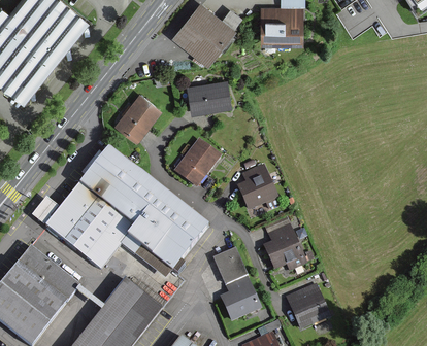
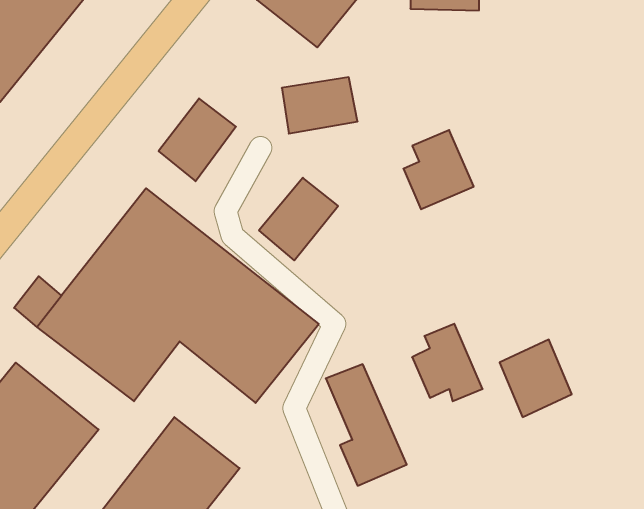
building: [237,164,278,210] -> [403,130,474,209]
building: [288,283,330,328] -> [500,340,572,417]

